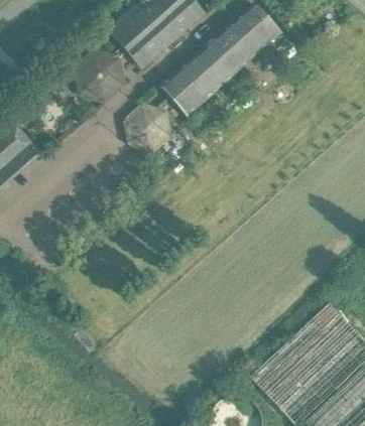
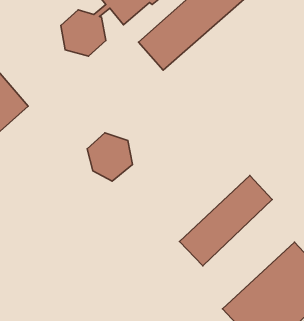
building: [122,102,171,154] -> [87,133,133,181]
building: none -> [180,176,272,266]

